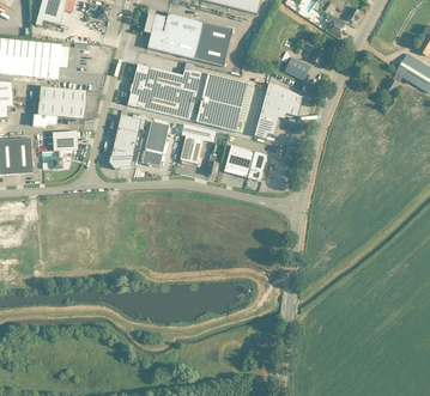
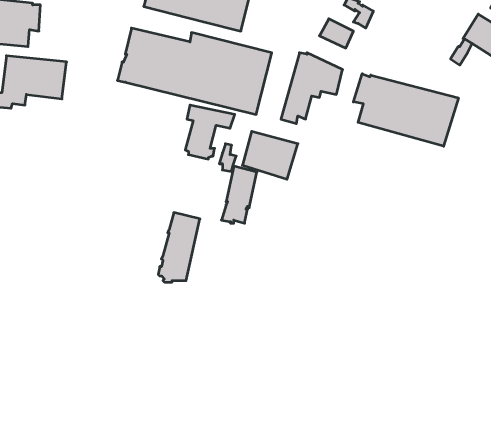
building: none -> [353,74,458,146]
building: [108,114,140,167] -> [158,213,200,282]
building: [140,120,168,164] -> [221,166,257,223]
building: [41,129,77,169] -> none

